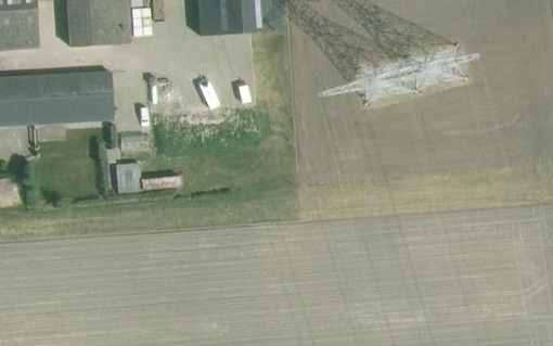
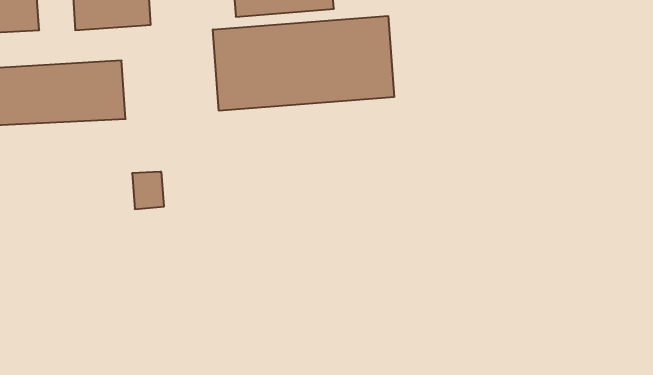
building: none -> [213,16,394,111]

